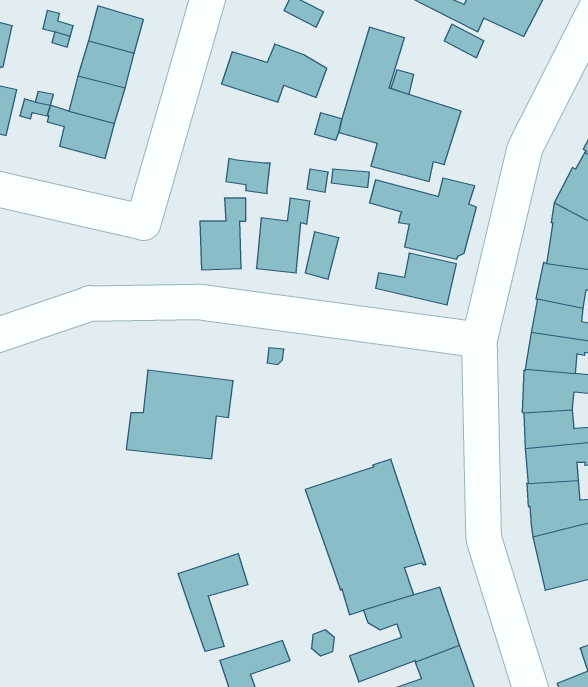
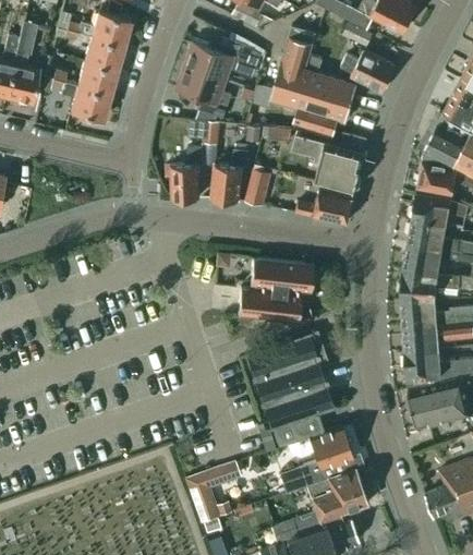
building: none -> [343,52,397,92]
building: none -> [180,65,234,118]
building: [126,370,233,459] -> [239,257,315,321]
building: [178,553,248,651] -> none

